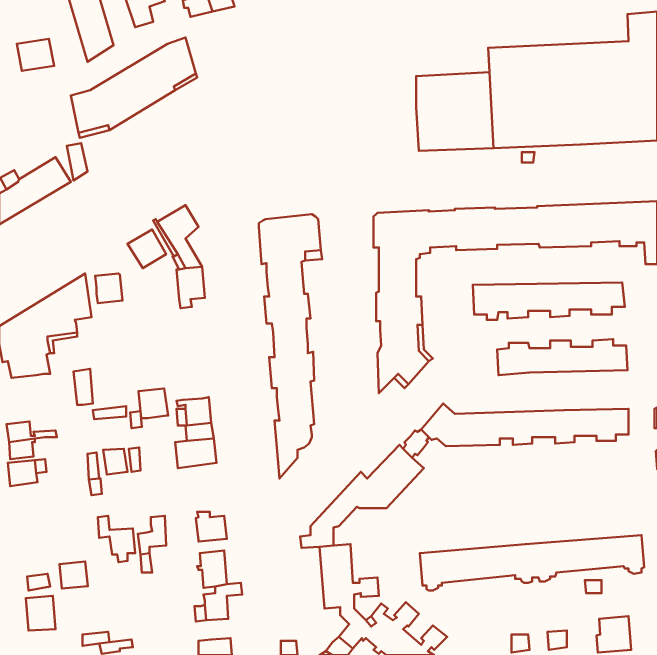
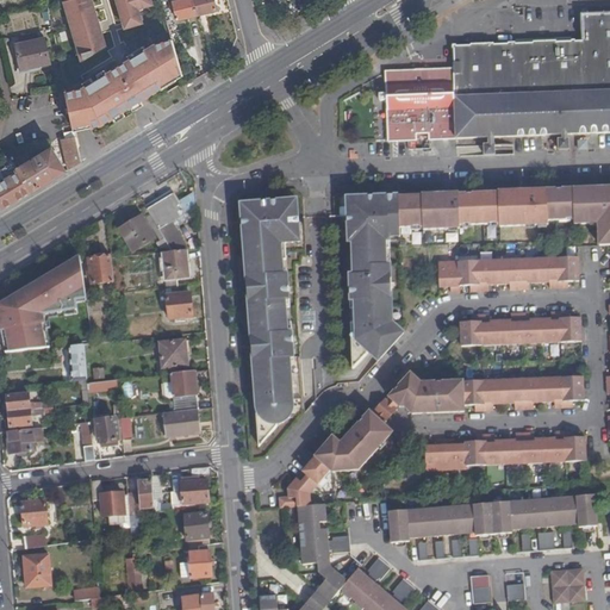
building: none -> [167,282,192,315]
building: [138,389,168,418] -> [161,337,188,365]
building: none -> [424,431,584,468]
building: [59,562,88,589] -> [21,498,48,523]

